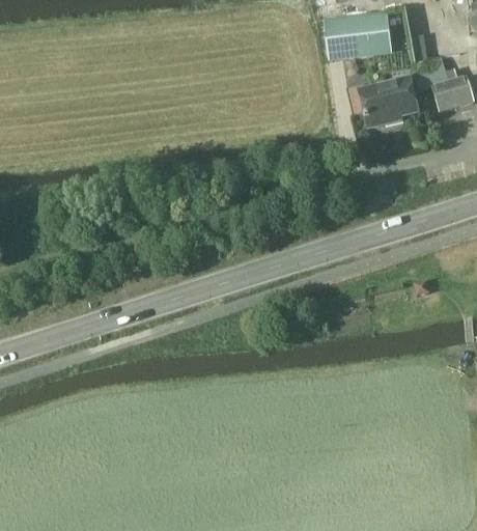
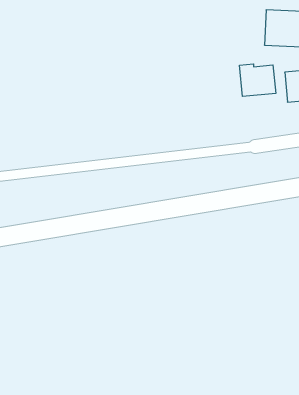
building: none -> [240,64,276,96]

